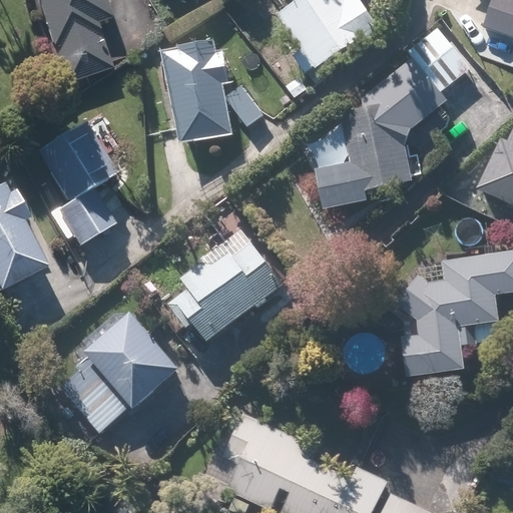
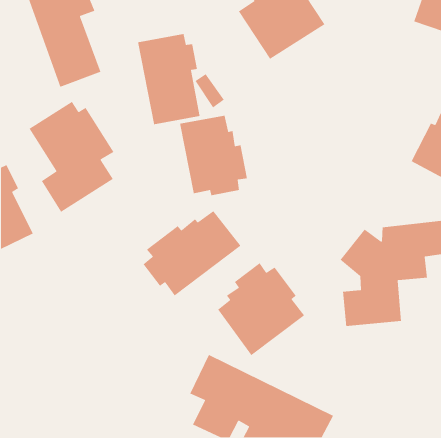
building: [303,25,472,210] -> none
building: none -> [179,115,248,196]
building: none -> [217,262,305,356]
building: [47,312,178,437] -> none

